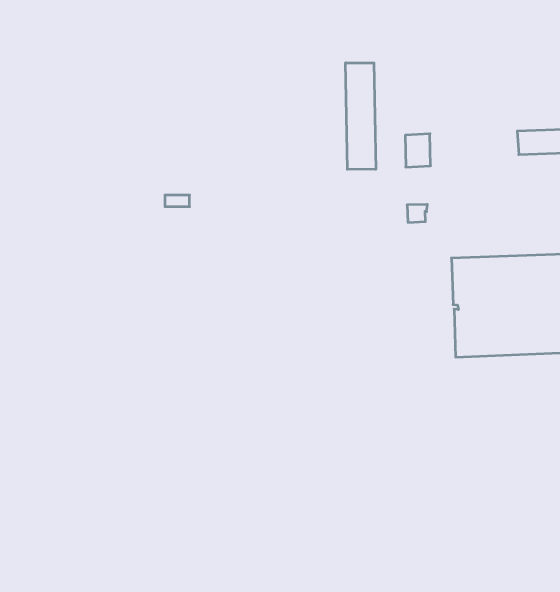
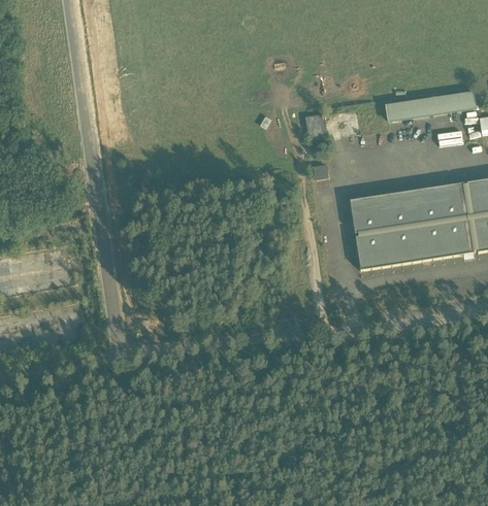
building: [346,63,376,169] -> none

